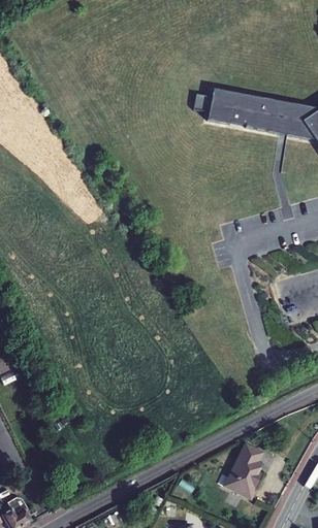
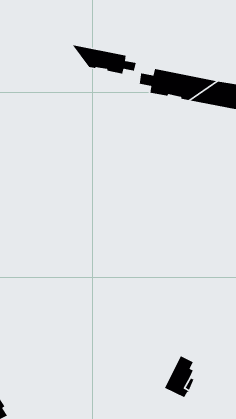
building: none -> [71,44,137,74]

